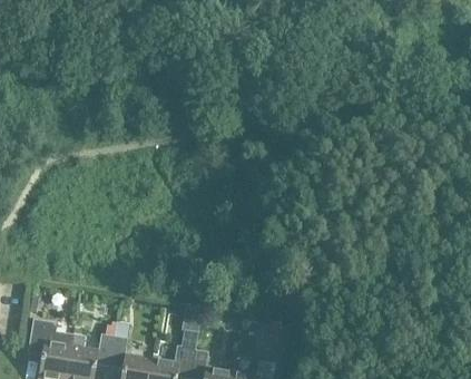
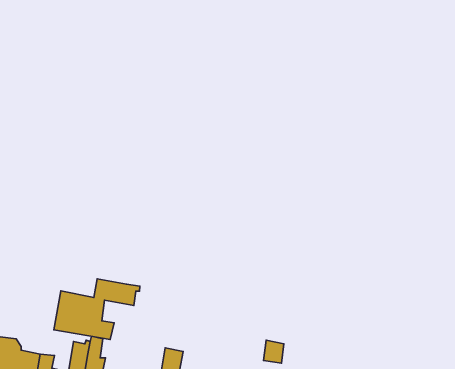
building: none -> [54,279,140,340]

